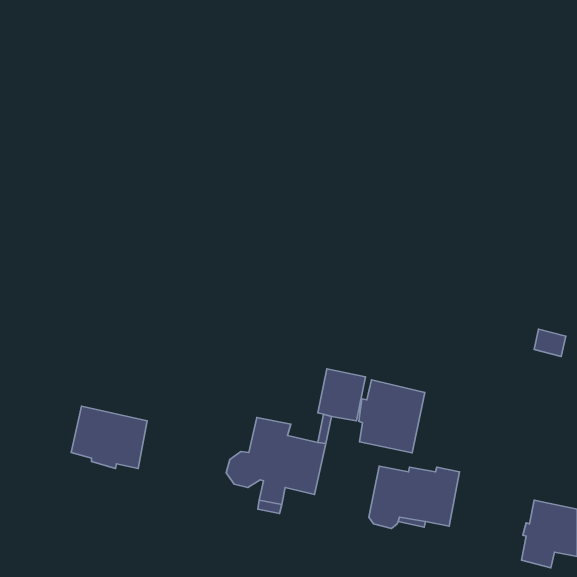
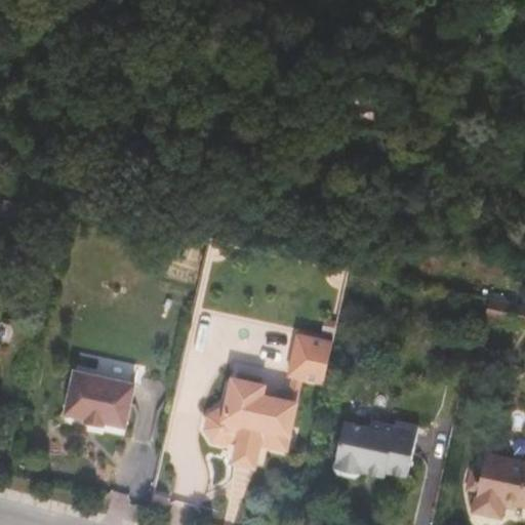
building: [359,380,425,453] -> none

